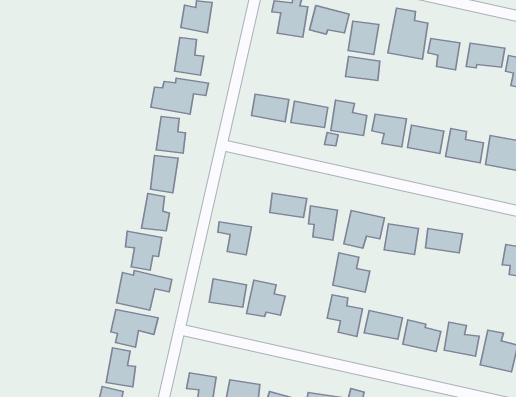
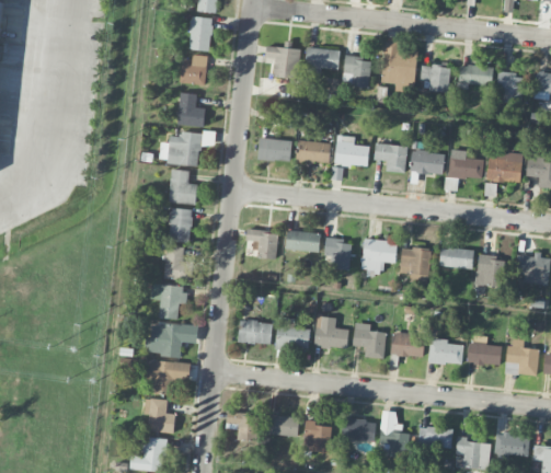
building: [345,56,380,80] -> none
building: [218,222,252,255] -> [246,231,278,259]
building: none -> [475,256,503,287]
building: [333,253,370,292] -> [314,315,348,350]

